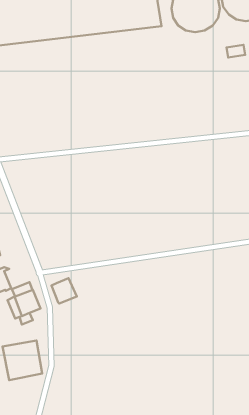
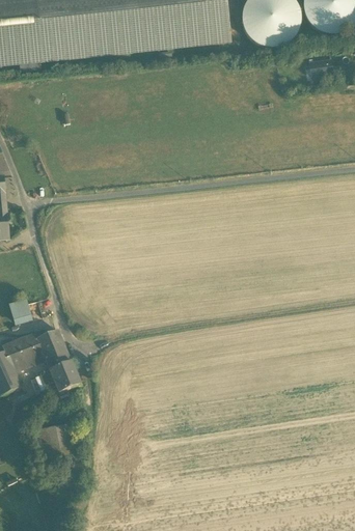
building: [52,278,77,303] -> [36,329,67,360]

